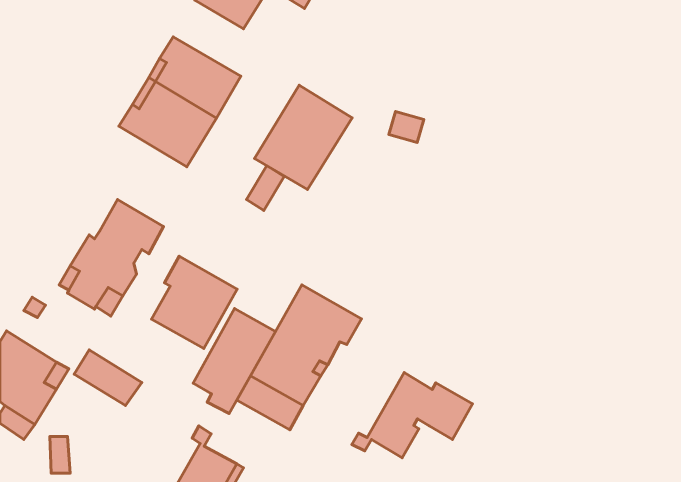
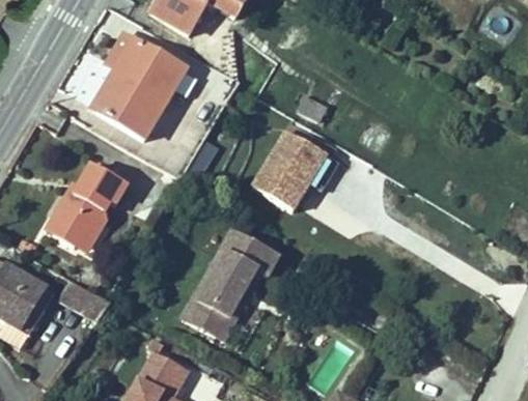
building: [255,85,352,190] -> [252,127,327,207]
building: [152,256,237,349] -> none
building: [193,308,275,413] -> none
building: [352,373,473,458] -> none

